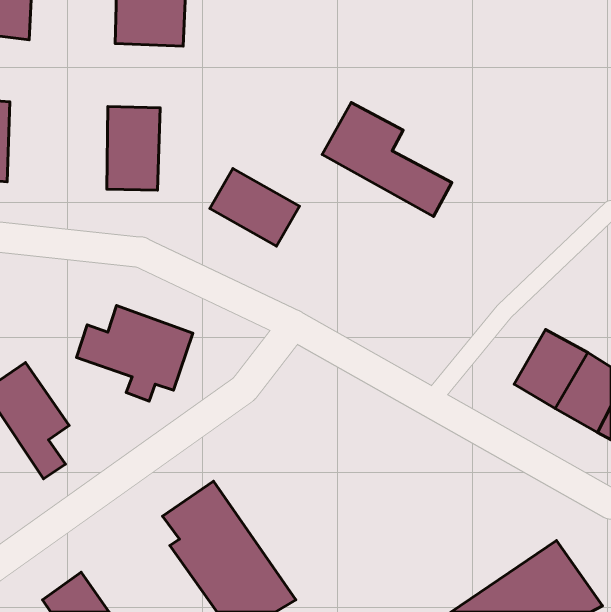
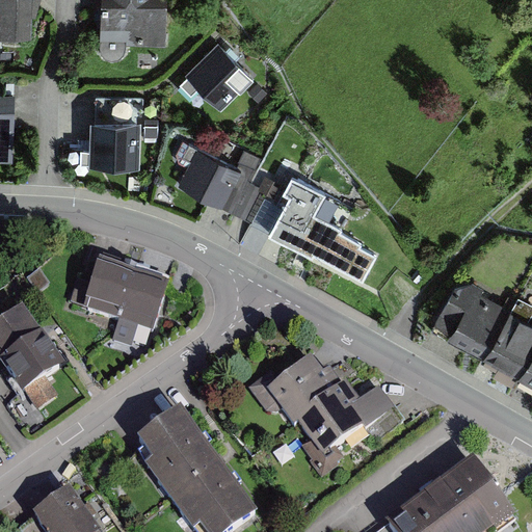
building: none -> [184,36,247,100]
building: [322,102,452,216] -> [269,186,380,284]
building: none -> [250,360,399,453]

